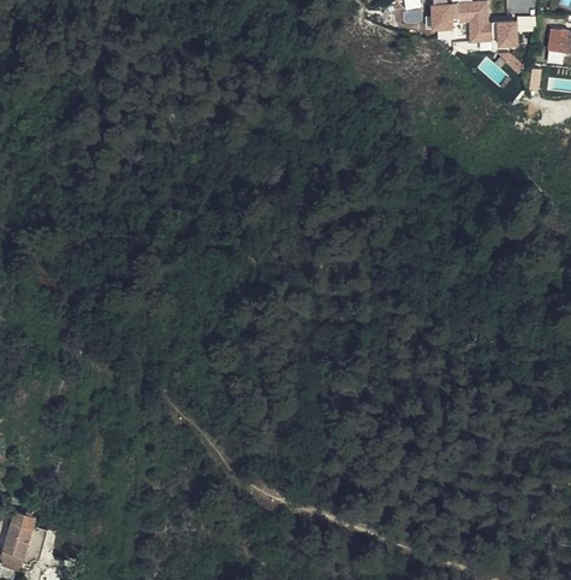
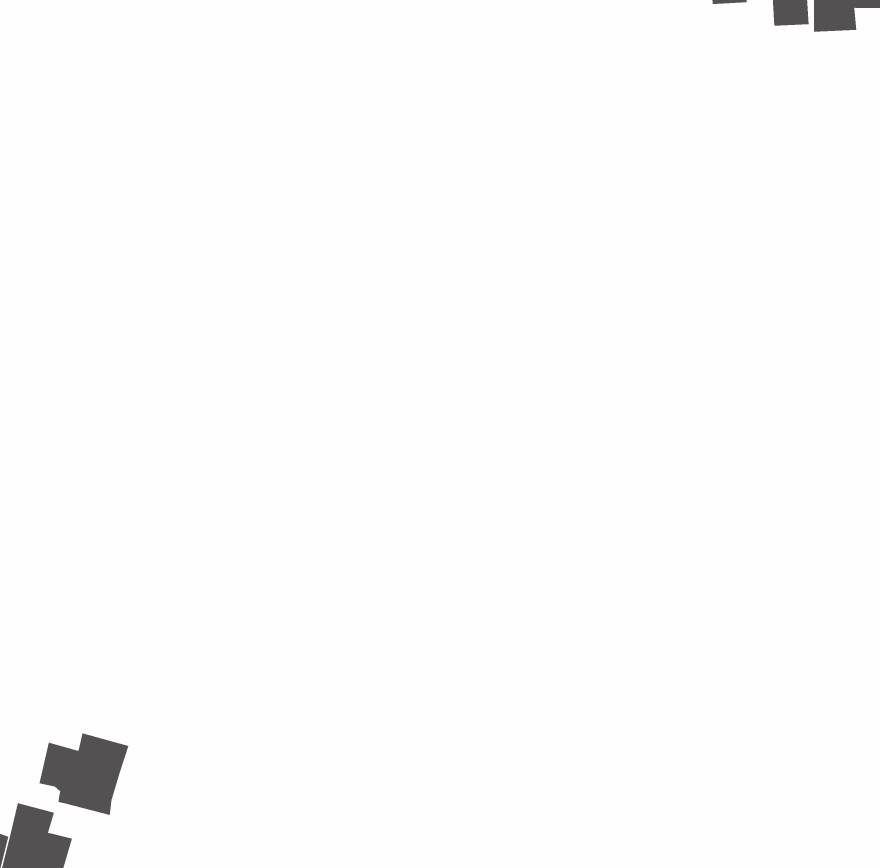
building: none -> [39,733,129,816]

